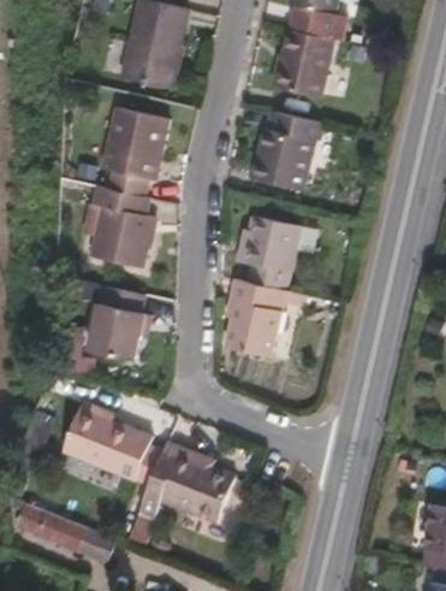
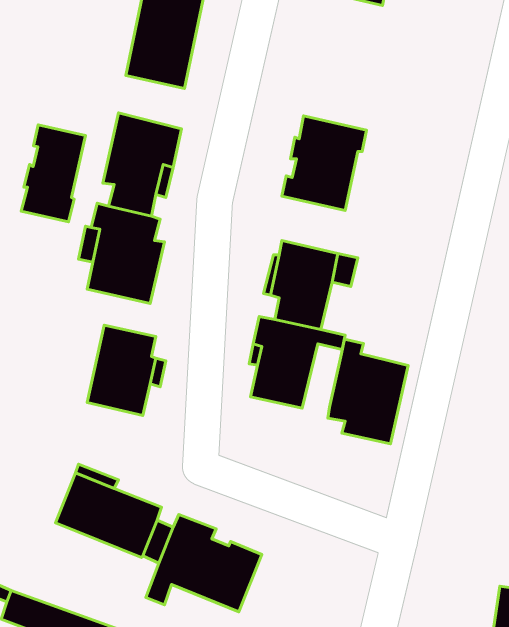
building: [276,29,335,97] -> none
building: none -> [21,125,86,222]
building: none -> [328,339,408,444]

